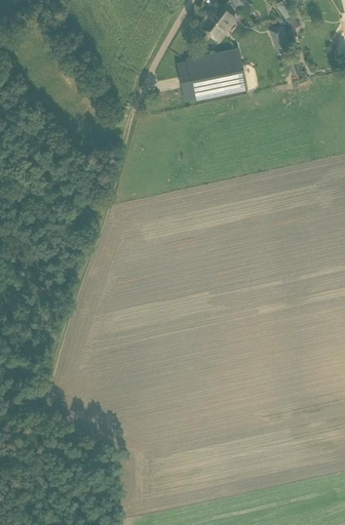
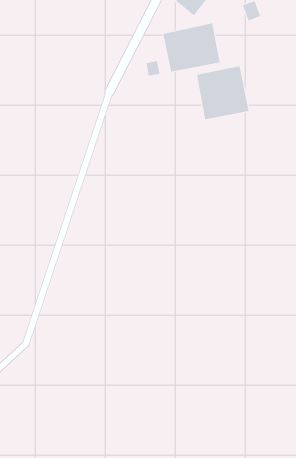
building: none -> [196,66,249,120]

